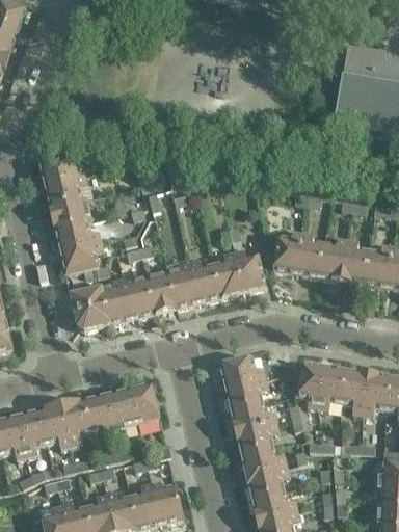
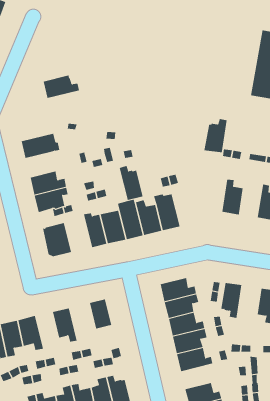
building: [38,154,85,184] -> [43,75,80,99]
building: [49,196,92,230] -> none
building: [273,230,303,273] -> [204,118,227,153]
building: [320,236,349,281] -> none
building: [235,247,266,292] -> [119,165,144,201]
building: [99,276,133,324] -> none
building: [317,366,347,409] -> none
building: [105,389,139,441] -> none
building: [62,400,91,447] -> none
building: [245,466,290,498] -> none

